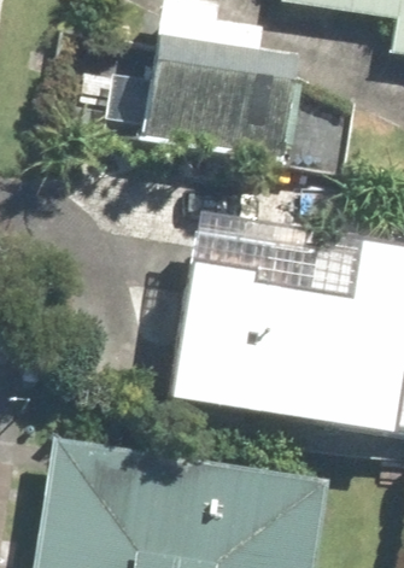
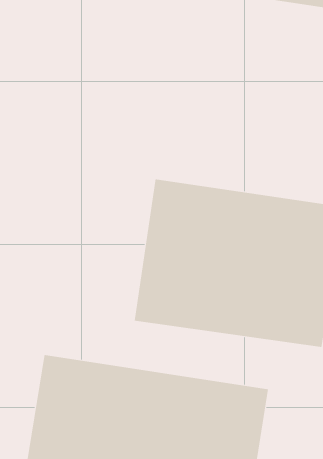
building: [141,28,303,160] -> none

